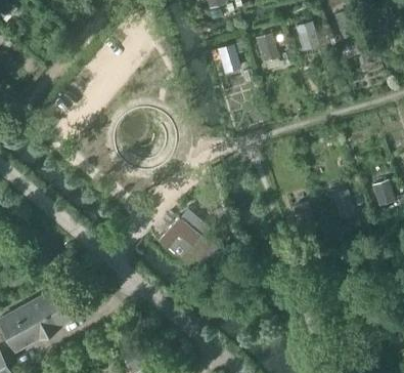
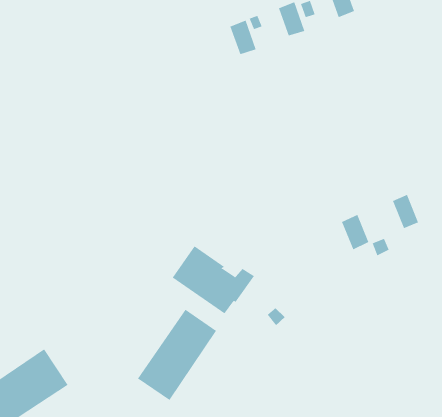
building: none -> [137,309,217,401]

